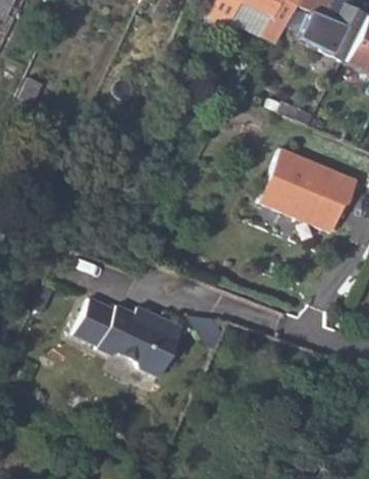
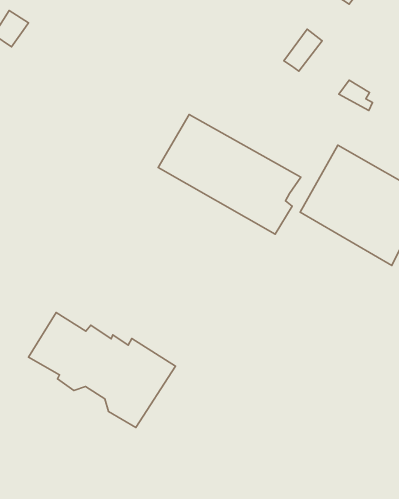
building: none -> [158,114,301,234]

